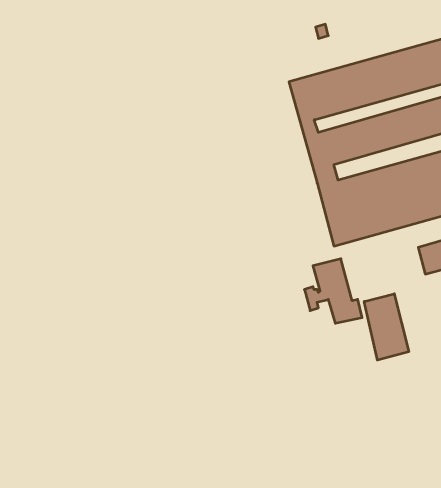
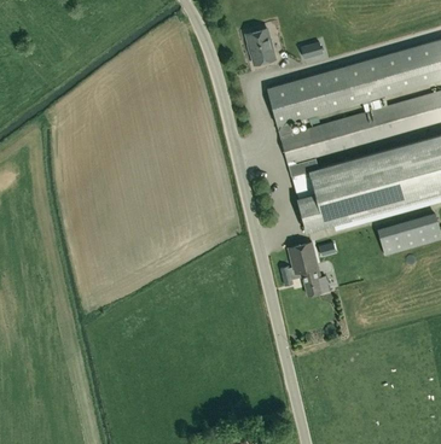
building: none -> [246,27,277,63]
building: [364,294,409,360] -> none

